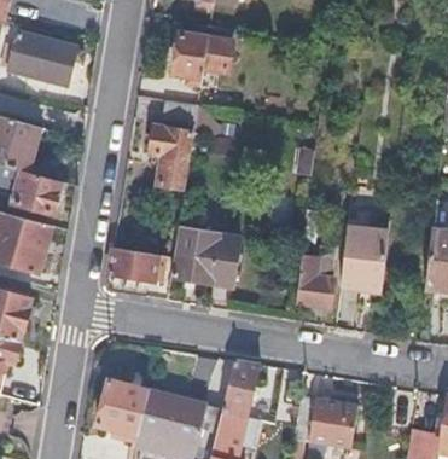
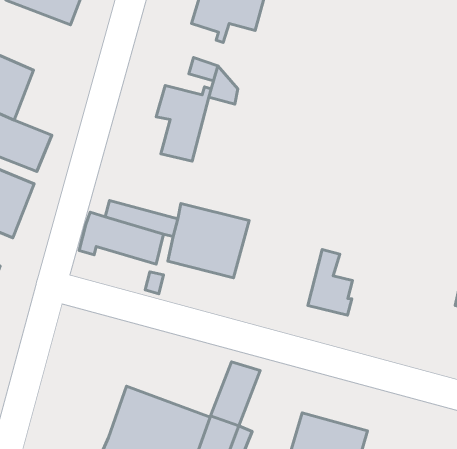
building: [338,230,388,295] -> none
building: [97,379,147,436] -> none

